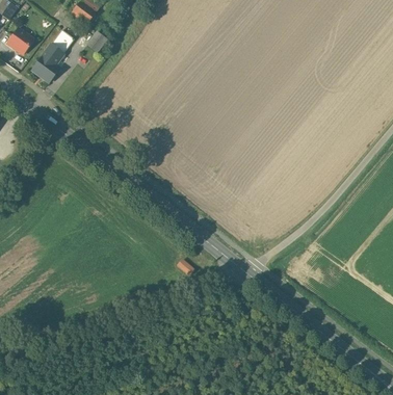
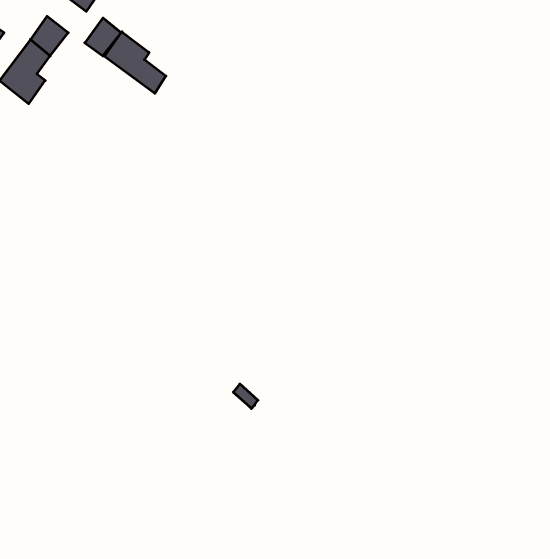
building: none -> [104,32,166,93]

